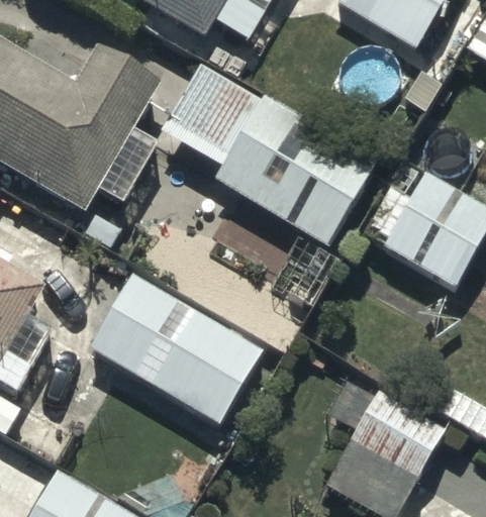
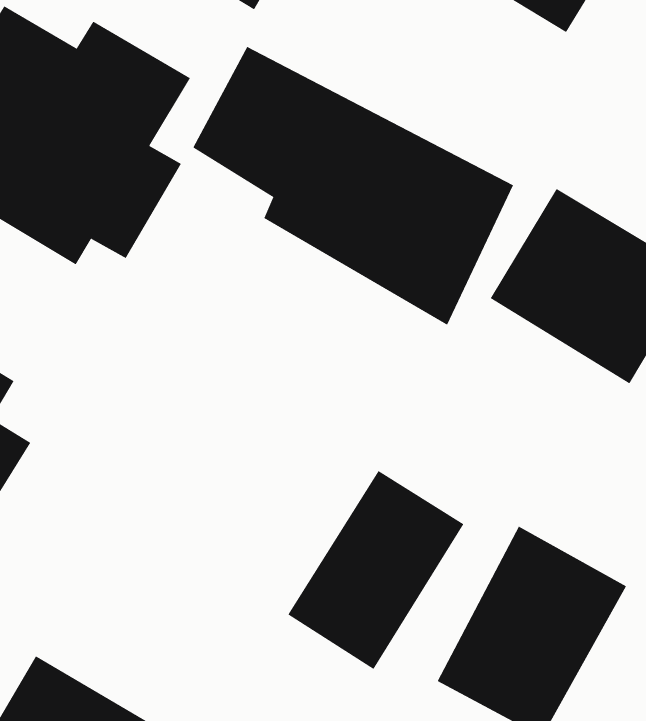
building: [78,264,265,430] -> none
building: none -> [287,470,464,670]

